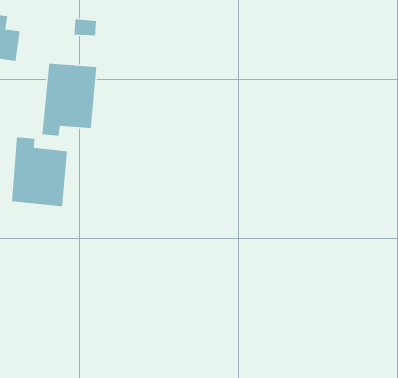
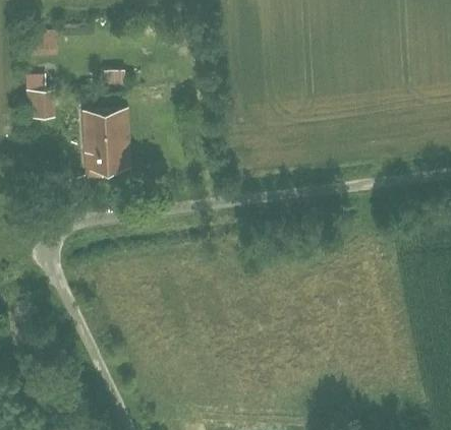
building: [11,136,68,207] -> none

